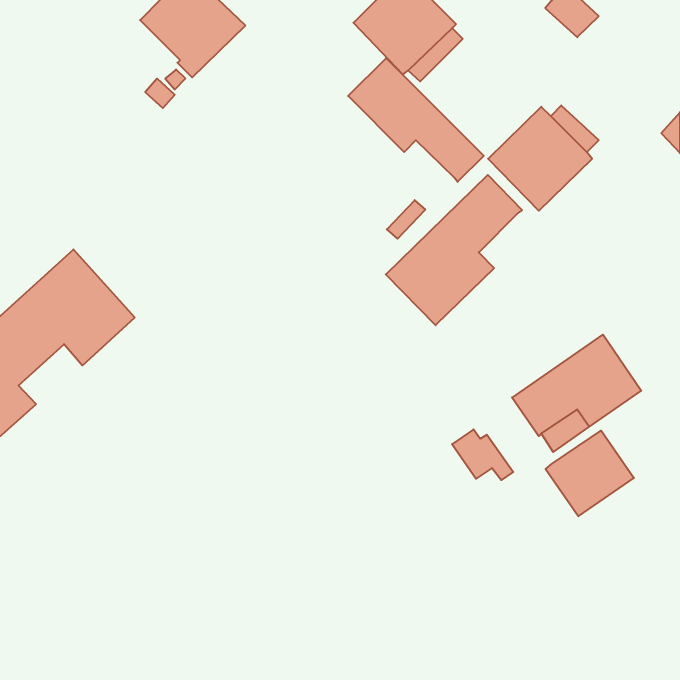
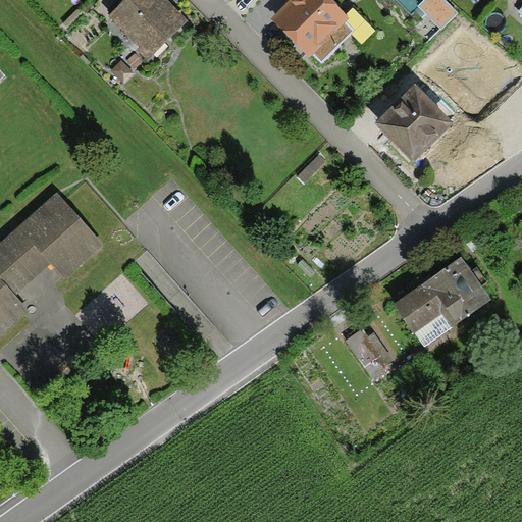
building: [348,58,484,182] -> none
building: [386,175,522,325] -> none
building: [546,431,634,516] -> none

